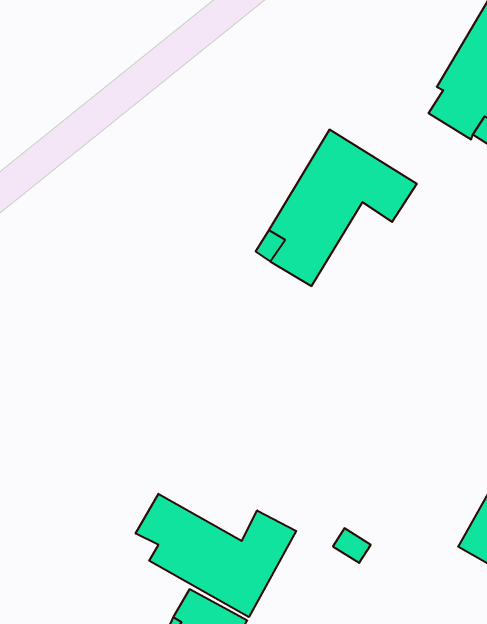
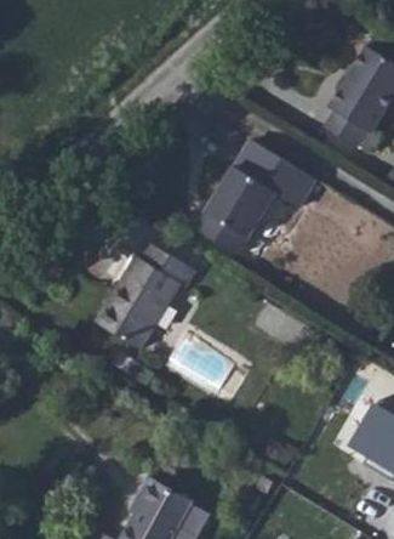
building: none -> [95,244,195,350]
building: [136,494,296,617] -> none

